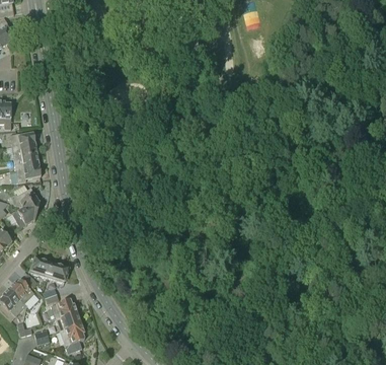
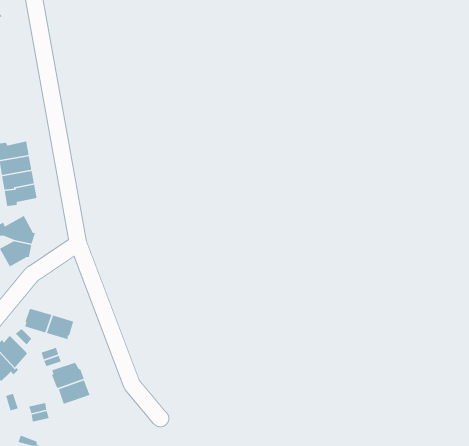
building: [60,324,84,353] -> none

